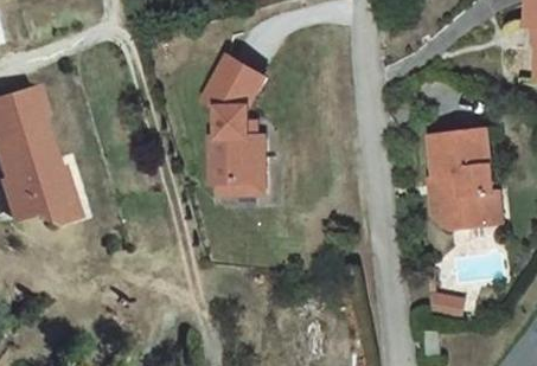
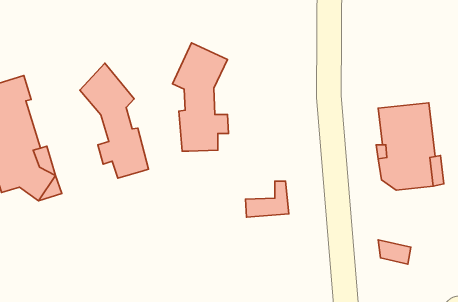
building: none -> [80,63,149,178]
building: [219,154,268,194] -> [245,181,289,217]

